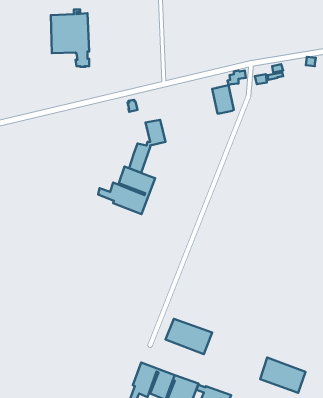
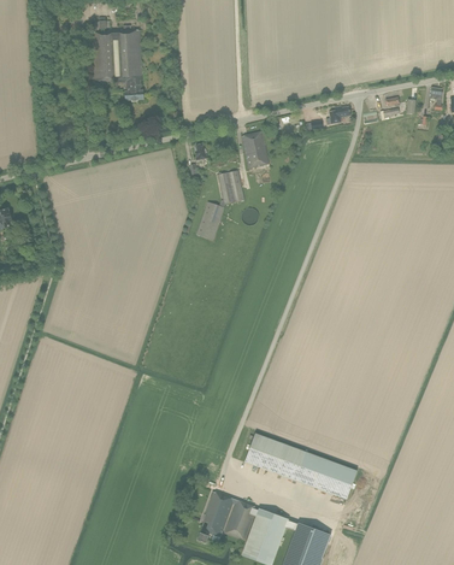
building: [212,85,234,113] -> [241,130,270,167]
building: [98,166,155,214] -> none
building: [260,357,306,393] -> [296,451,356,498]

